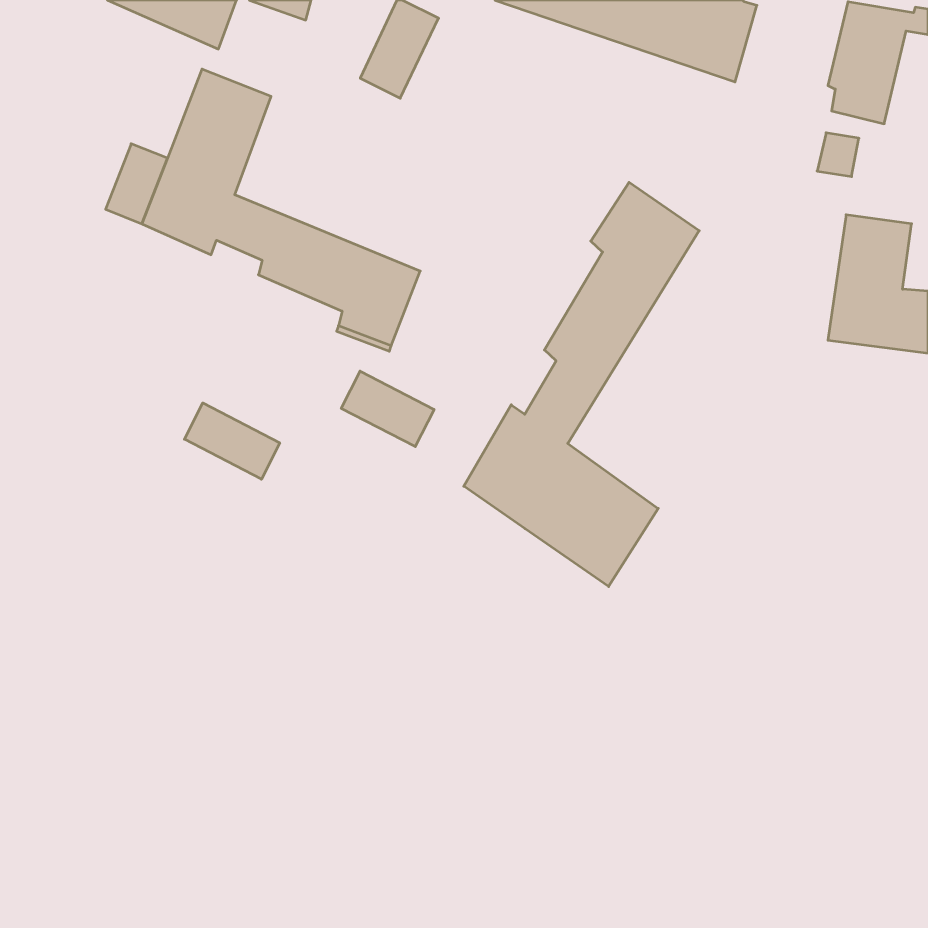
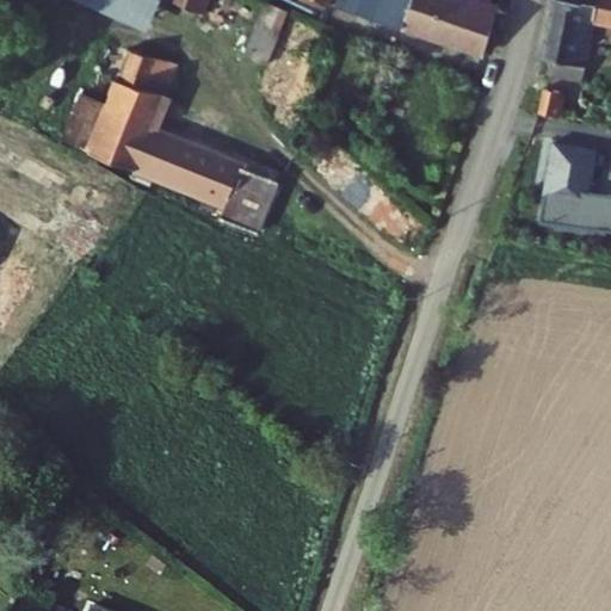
building: [464,182,699,587] -> none
building: [341,371,434,447] -> none
building: [184,403,280,479] -> none

